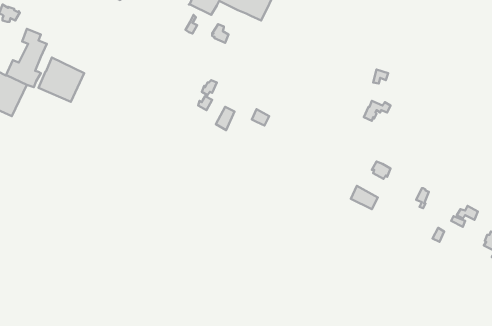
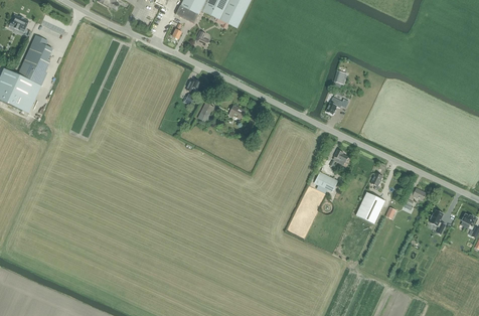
building: [38,57,84,102] -> none
building: none -> [356,191,385,222]

